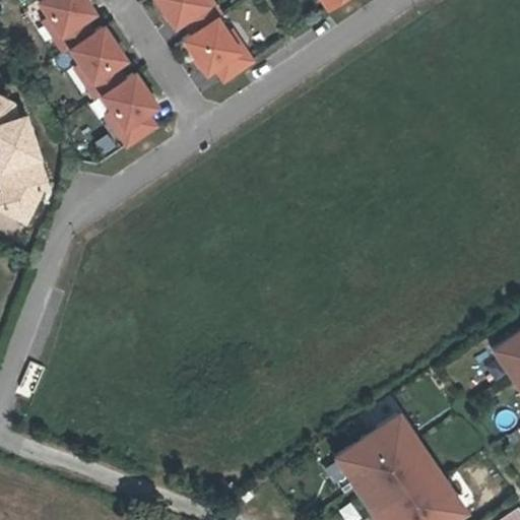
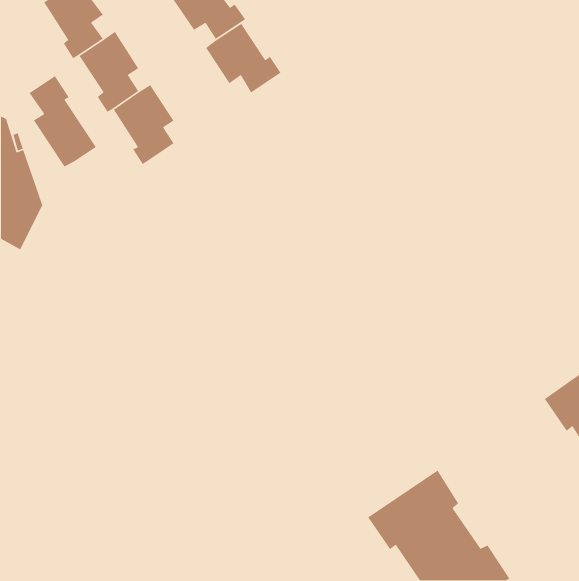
building: none -> [28,75,97,167]

